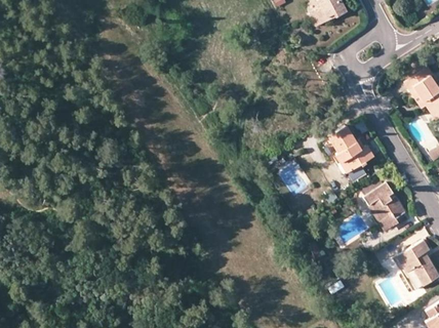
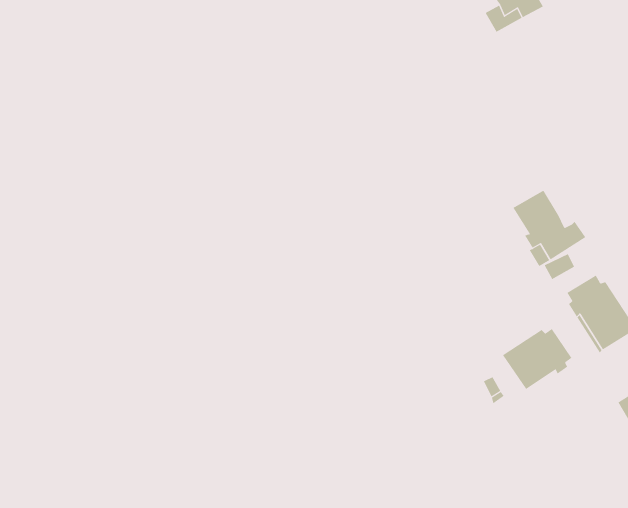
building: none -> [502,328,572,390]

